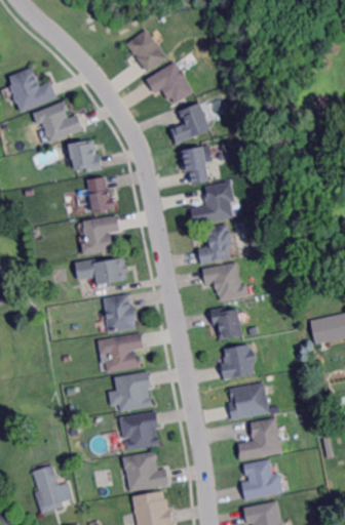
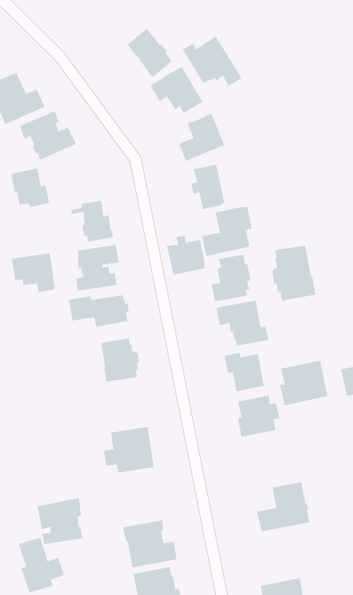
building: none -> [182,35,242,87]
building: [70,138,104,172] -> [10,168,50,208]
building: none -> [166,235,206,276]
building: none -> [272,245,316,302]
building: none -> [12,252,56,293]
building: [99,332,144,372] -> none
building: [228,381,270,420] -> [279,360,328,406]
building: [120,410,160,450] -> [37,498,83,544]
building: [242,458,283,499] -> none

